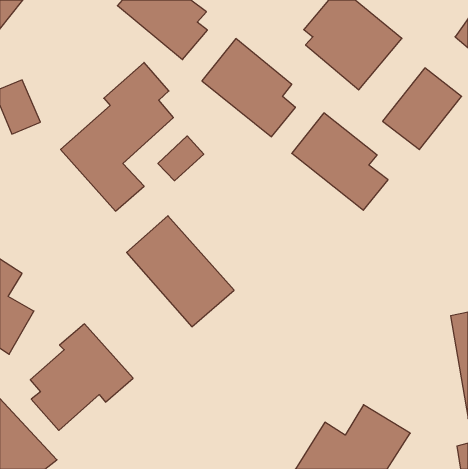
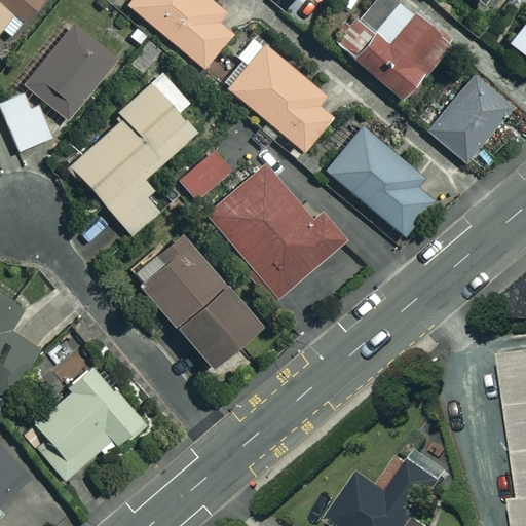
building: none -> [20,26,111,119]
building: none -> [204,162,348,300]

